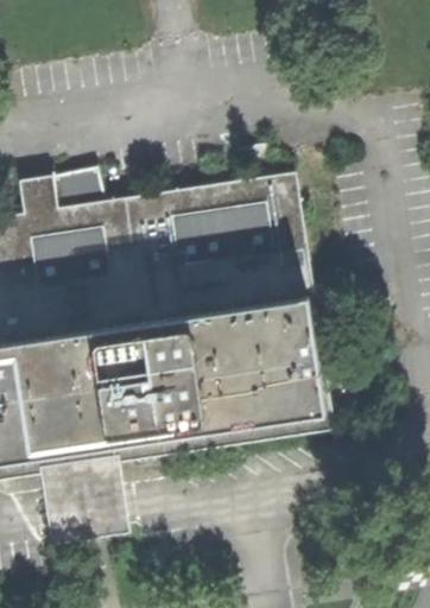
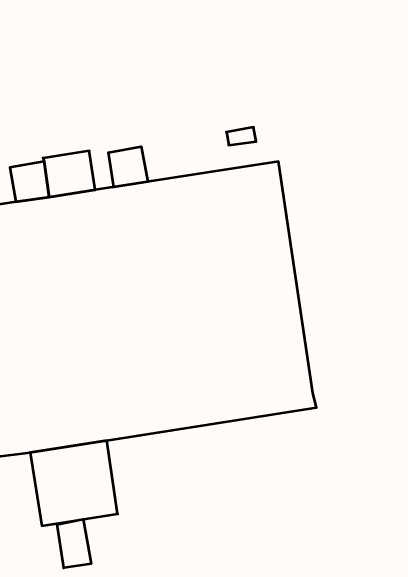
building: none -> [108,147,148,187]
building: none -> [57,519,91,568]

